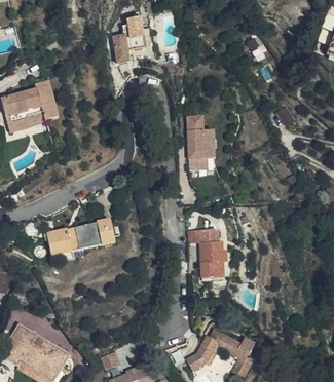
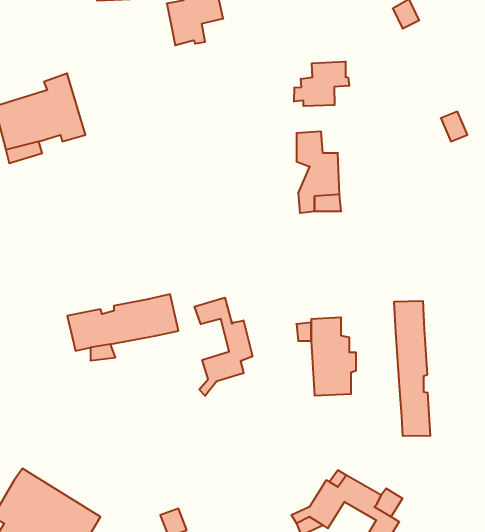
building: none -> [294,61,349,106]
building: none -> [195,298,252,396]
building: none -> [394,301,430,436]

